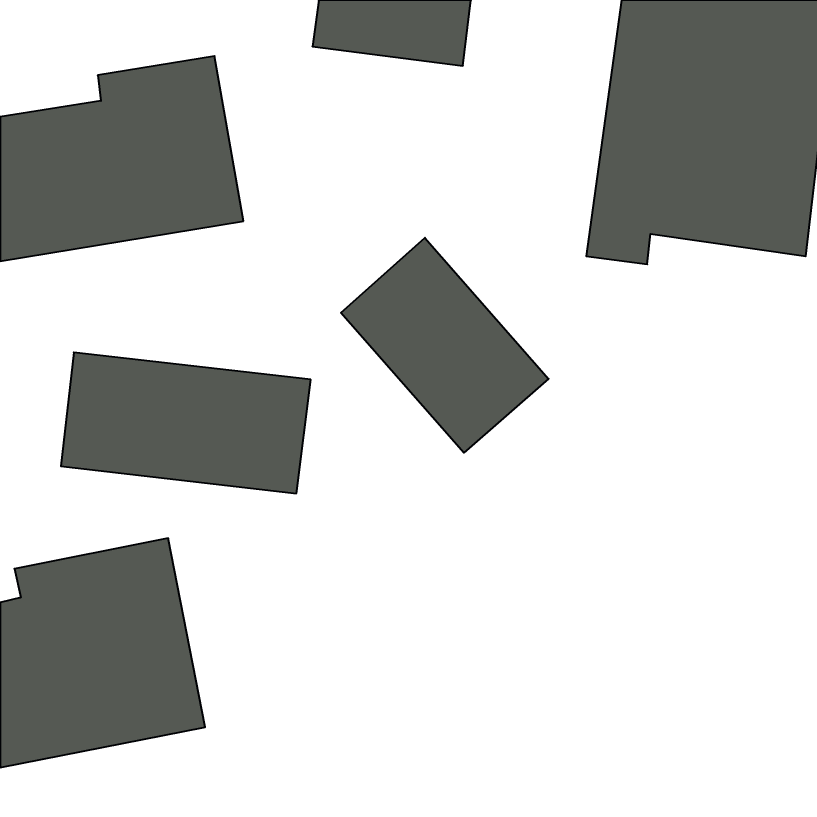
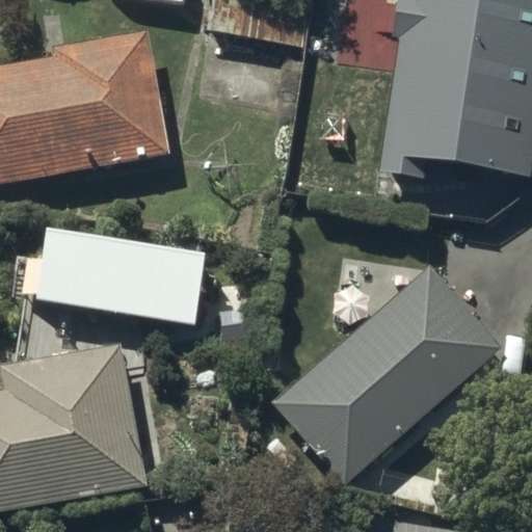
building: [341,238,549,453] -> none
building: none -> [283,274,496,478]

